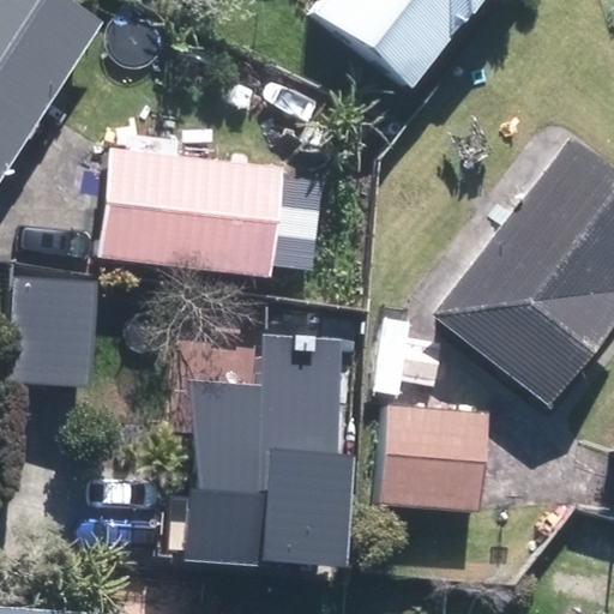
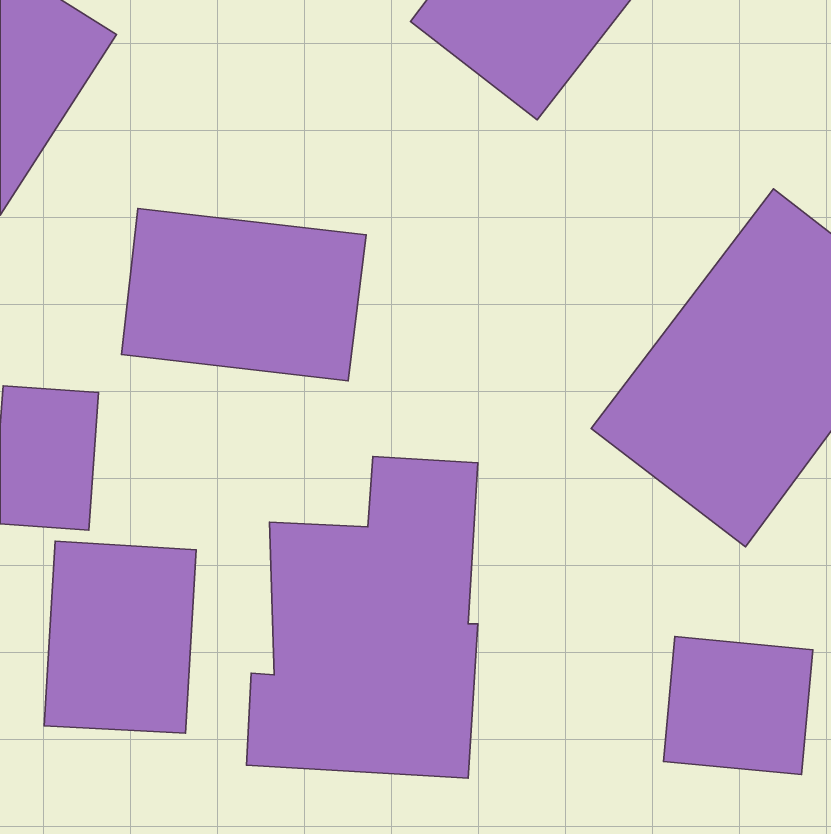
building: none -> [44,541,196,733]
building: [384,399,493,500] -> [663,637,813,775]

